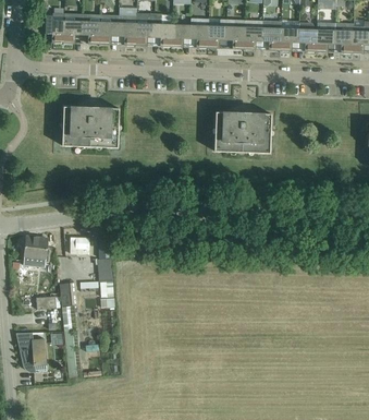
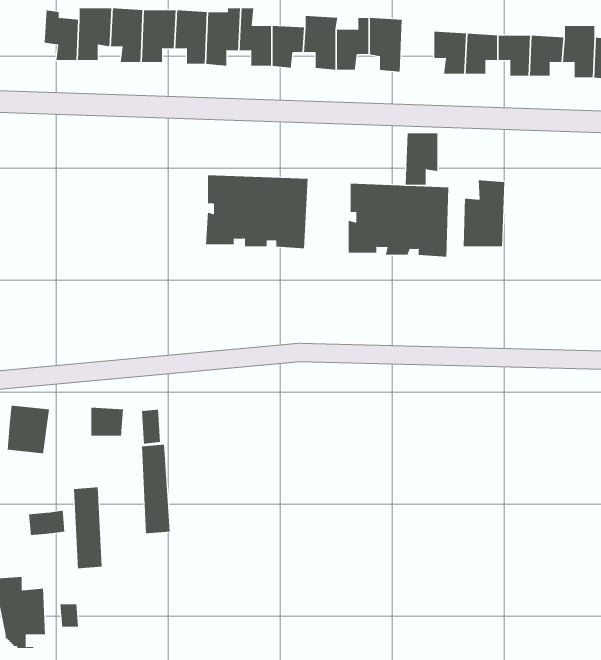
building: [243,20,261,49] -> [405,133,438,185]
building: [61,106,119,147] -> [205,175,309,249]
building: none -> [463,180,505,247]

